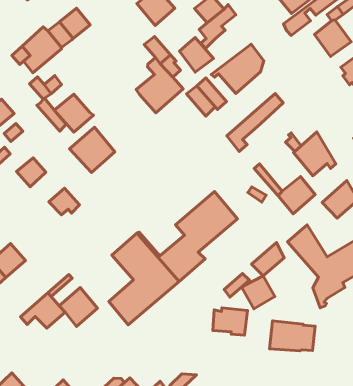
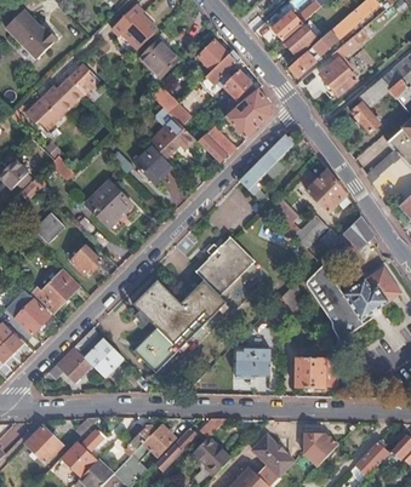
building: [179,38,213,72] -> [223,69,257,103]
building: [54,94,93,132] -> [133,144,172,182]
building: none -> [32,268,80,313]
building: [242,276,275,309] -> none

